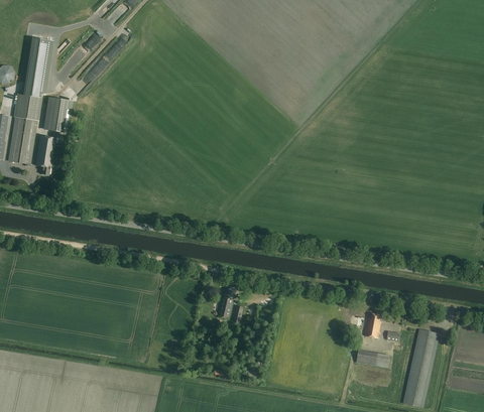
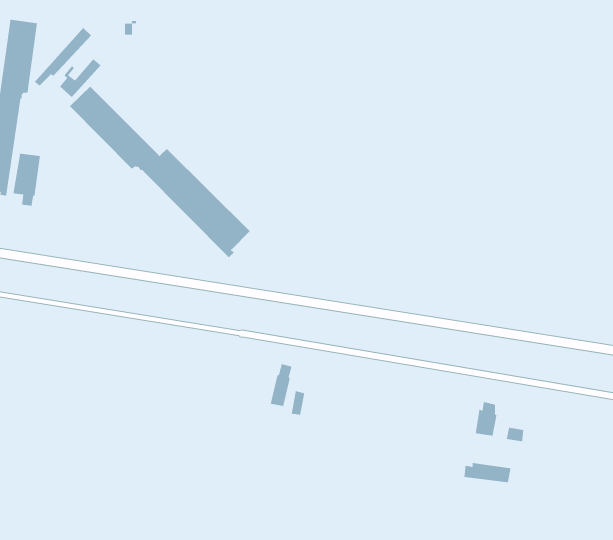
building: none -> [69,86,251,258]
building: [44,96,73,132] -> none
building: [402,327,440,406] -> none

